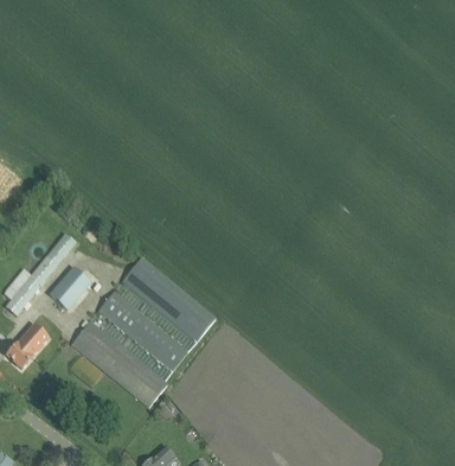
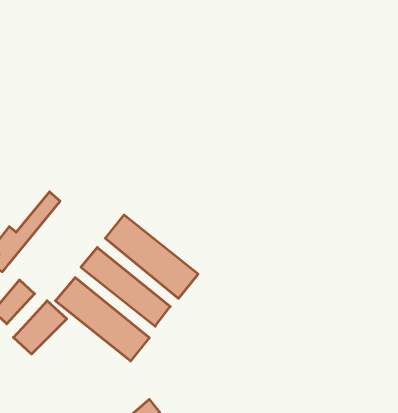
building: [49,268,89,309] -> none
building: none -> [13,301,67,354]

